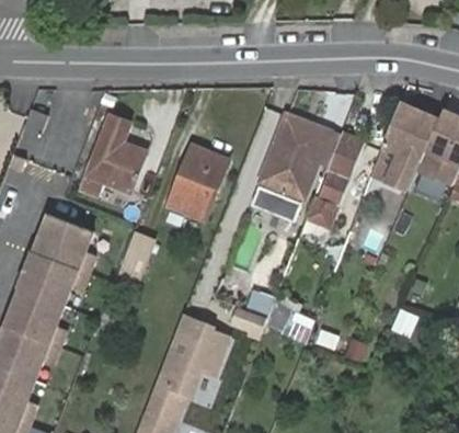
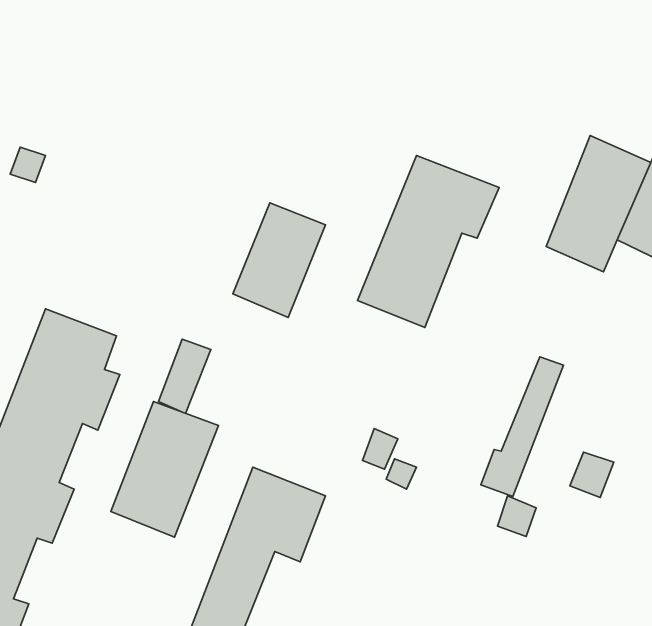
building: [81,115,147,203] -> none
building: [307,136,360,227] -> [481,357,563,497]
building: none -> [111,402,218,537]

